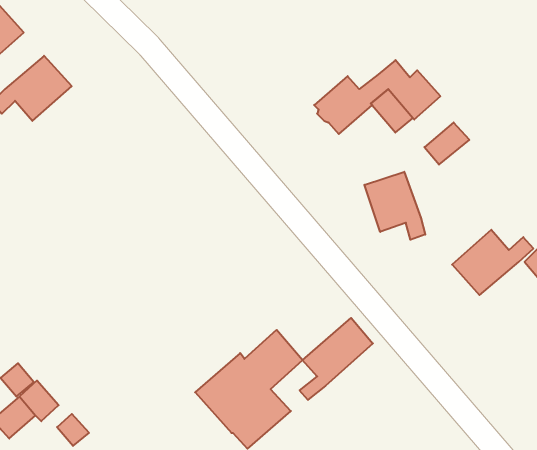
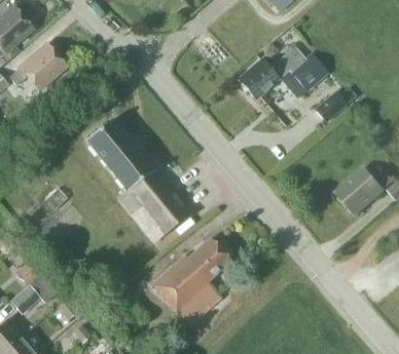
building: none -> [86,119,190,242]
building: [364,172,425,240] -> none
building: [300,318,373,400] -> none

